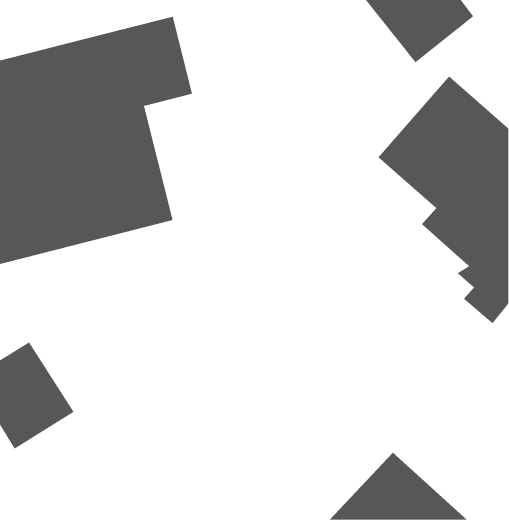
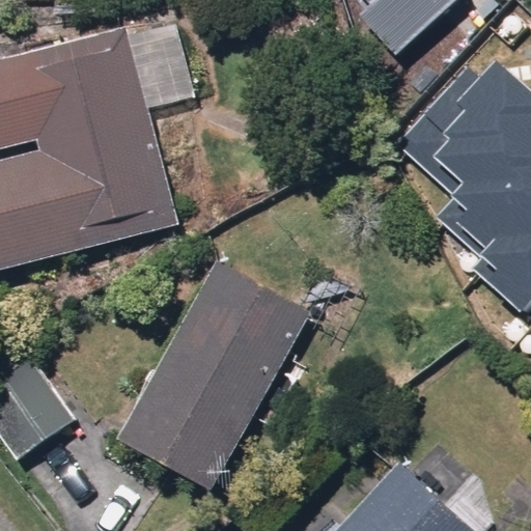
building: none -> [130,262,308,485]

